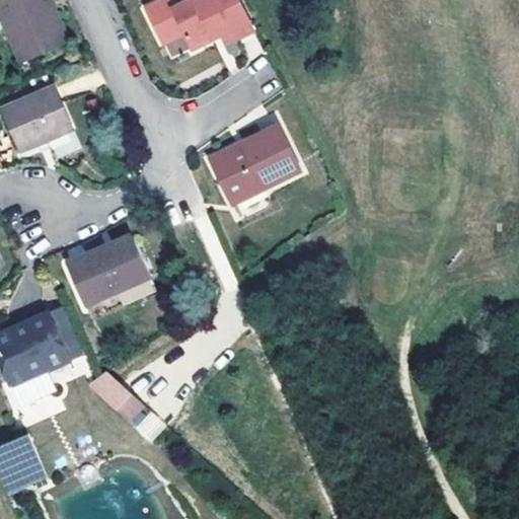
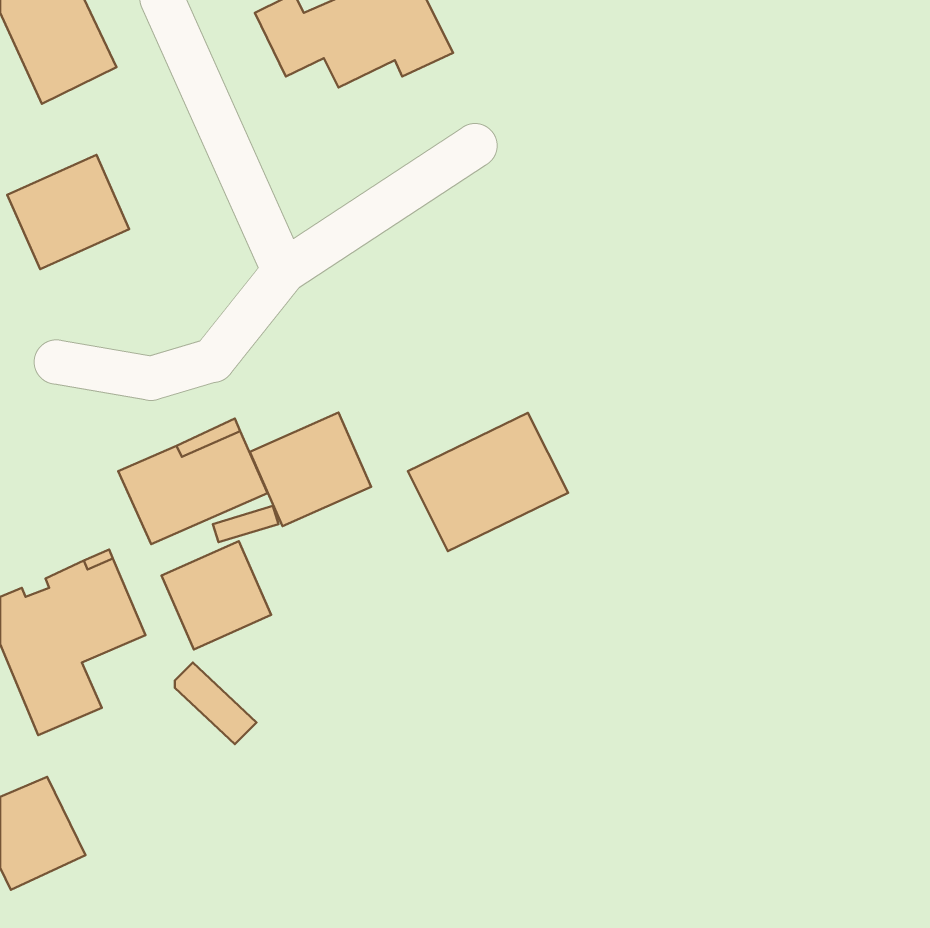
building: [208,126,297,203] -> [408,413,568,551]
building: none -> [250,412,371,526]
building: none -> [161,541,271,649]

